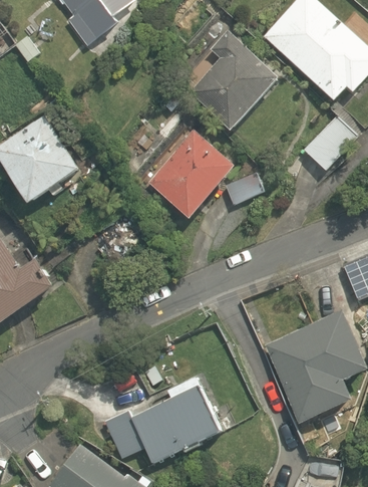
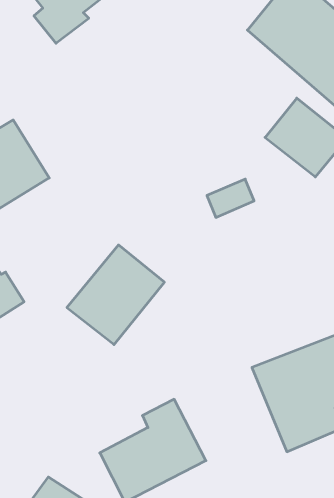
building: [176,27,282,133] -> none
building: [142,129,232,220] -> [67,245,164,345]

